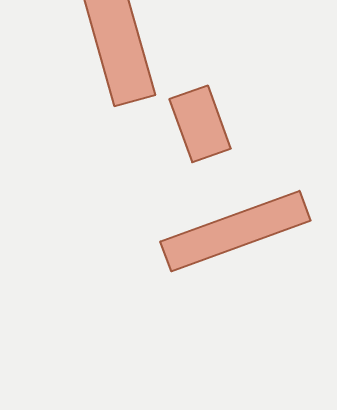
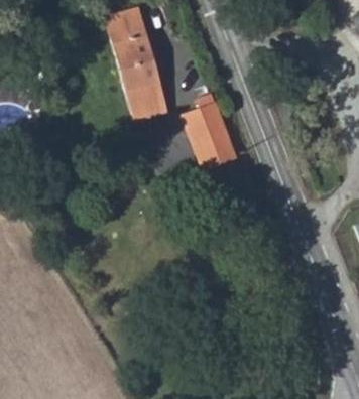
building: [160,191,311,271] -> none

